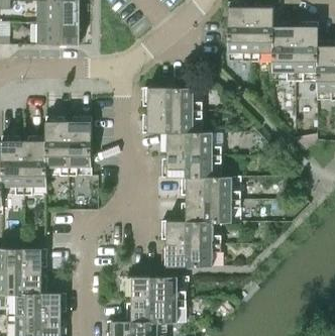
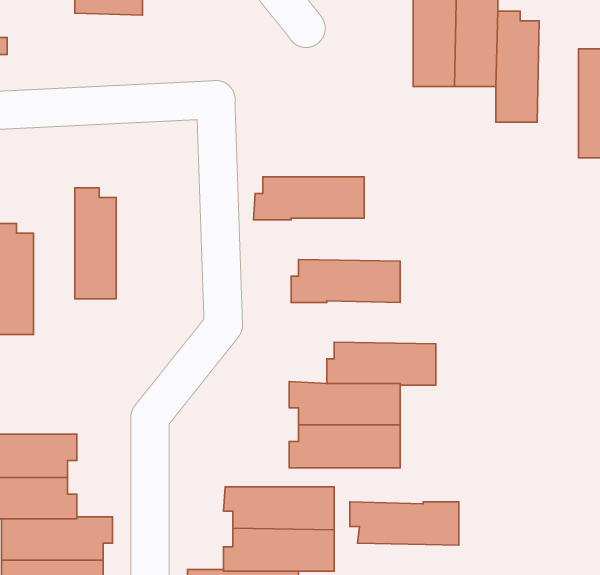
building: [294,21,317,81] -> none
building: [45,22,82,44] -> none
building: [142,87,201,110] -> none
building: [68,116,91,176] -> none
building: [161,132,220,155] -> none
building: [23,135,45,195] -> none
building: [181,177,239,200] -> [350,502,459,545]

